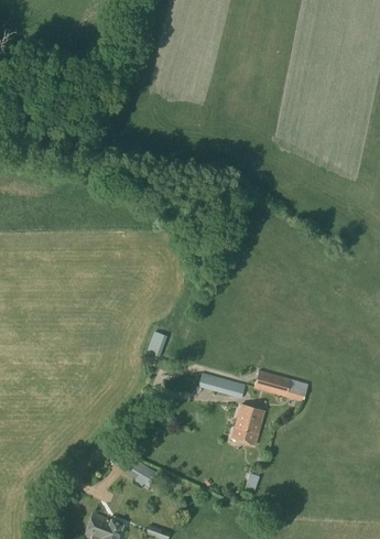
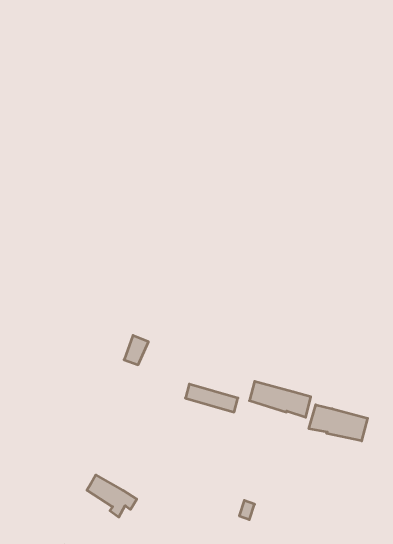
building: none -> [309,405,368,441]
building: [231,403,265,445] -> none

